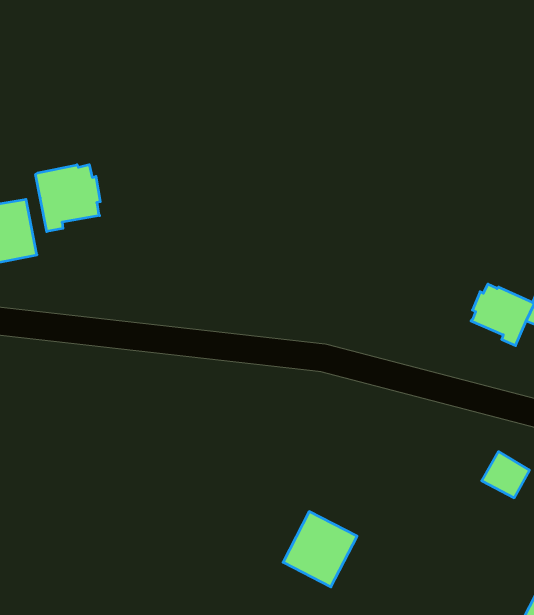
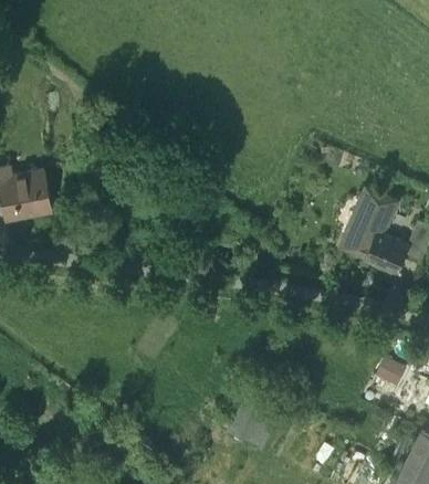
building: [36,165,100,232] -> none
building: none -> [342,190,397,257]

